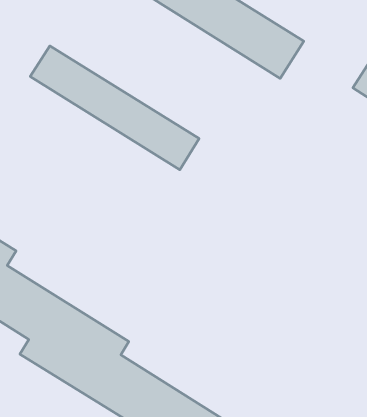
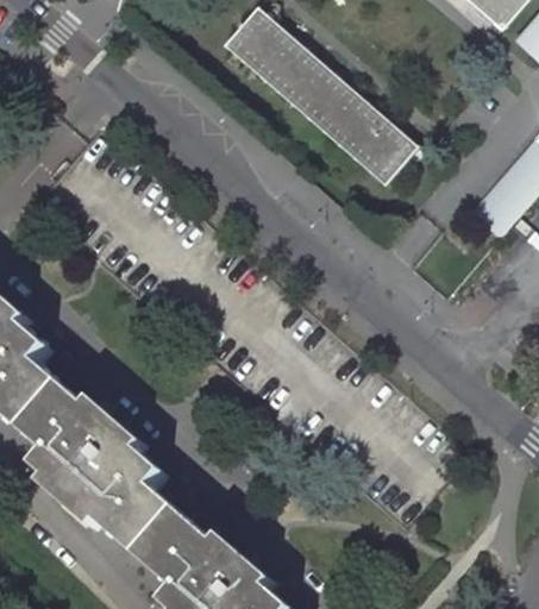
building: [30,46,199,170] -> none

